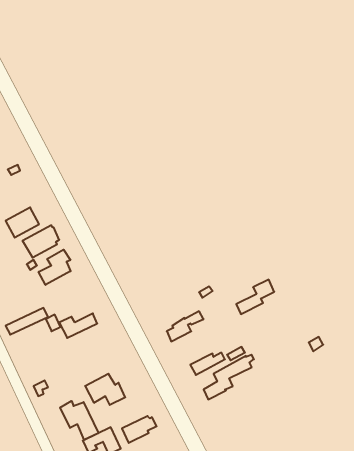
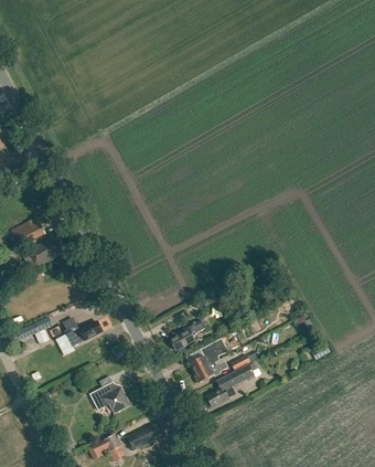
building: [39,250,71,285] -> none
building: [236,280,274,314] -> [189,338,226,372]
building: [60,401,98,440] -> none

